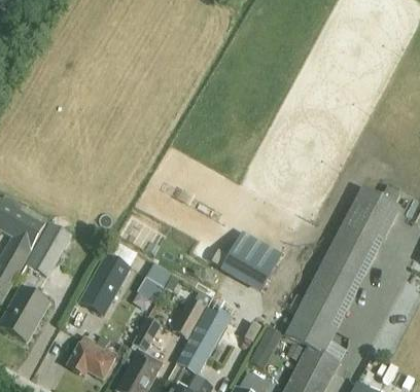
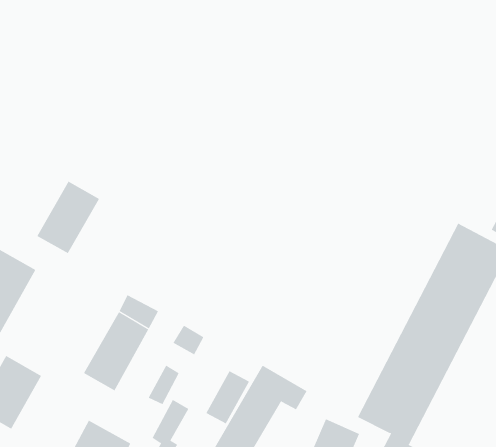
building: [24,222,71,277] -> [36,181,100,254]
building: [219,230,281,292] -> none

